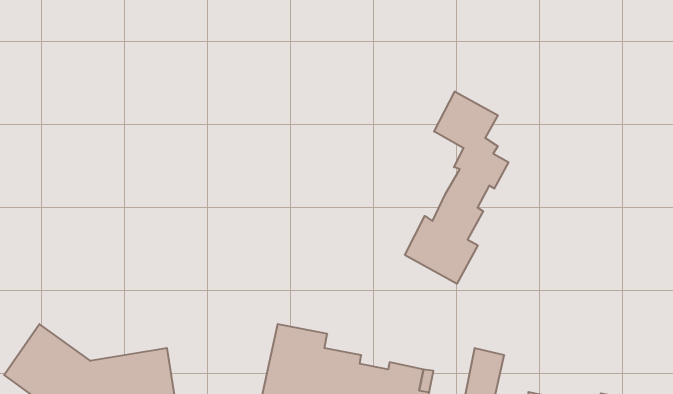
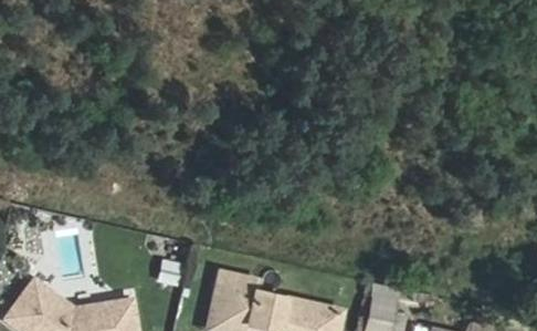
building: [405,91,508,284] -> none

